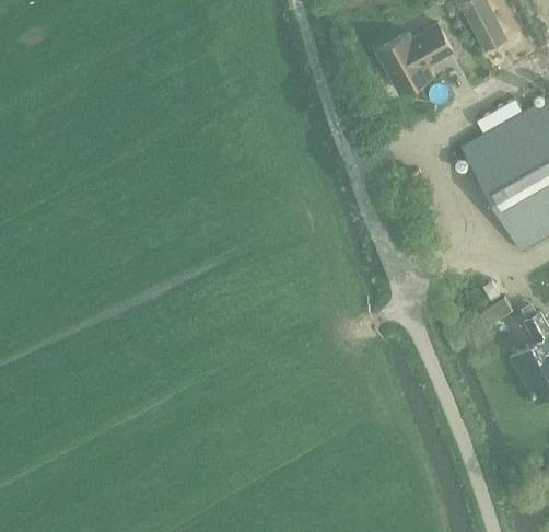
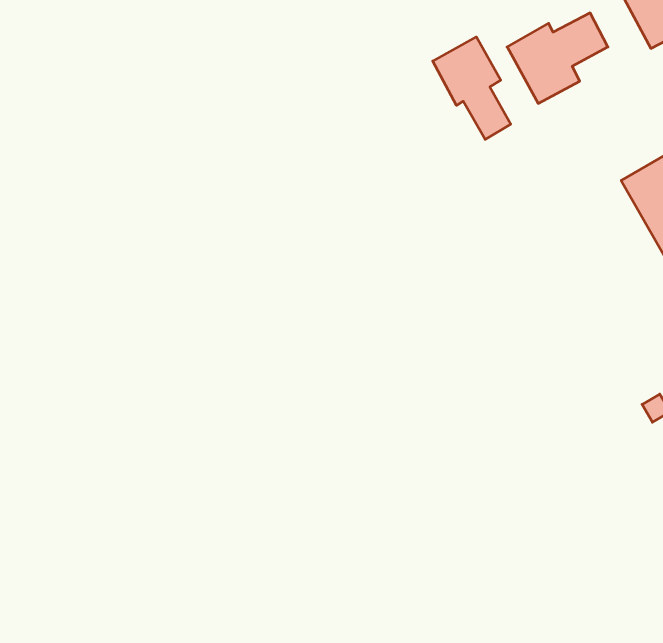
building: none -> [433,37,511,139]

